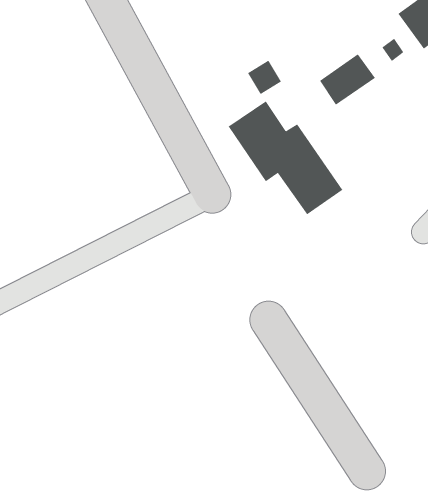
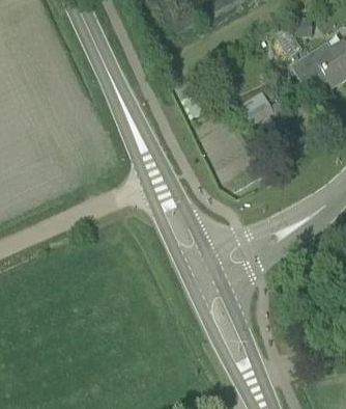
building: [228,100,343,215] -> none

